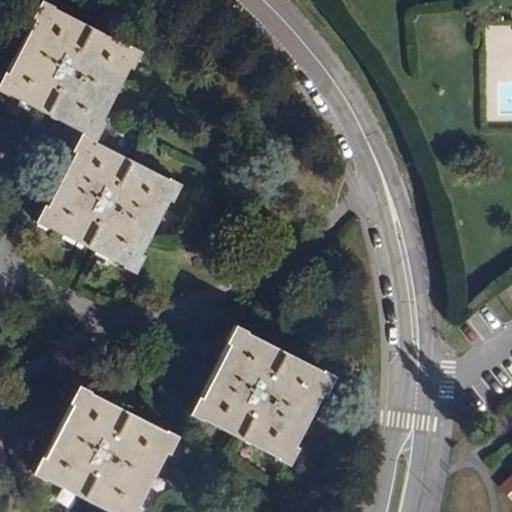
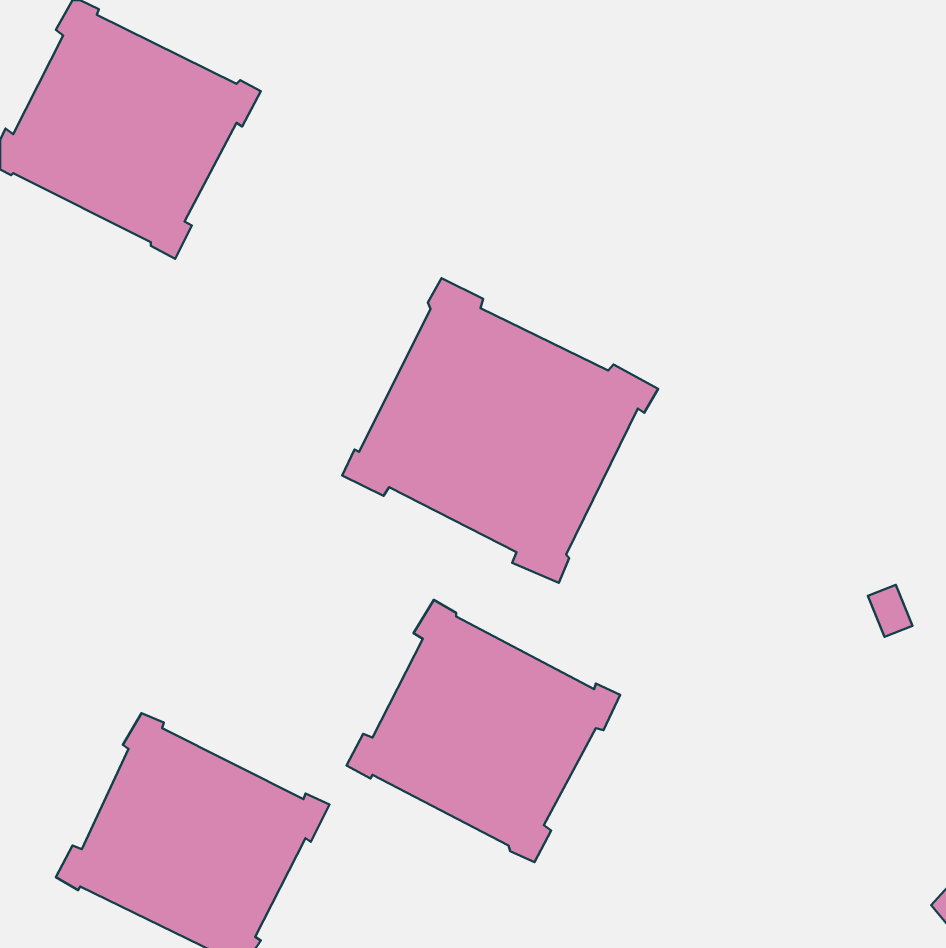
building: [38,134,184,275] -> none
building: none -> [342,278,658,583]

